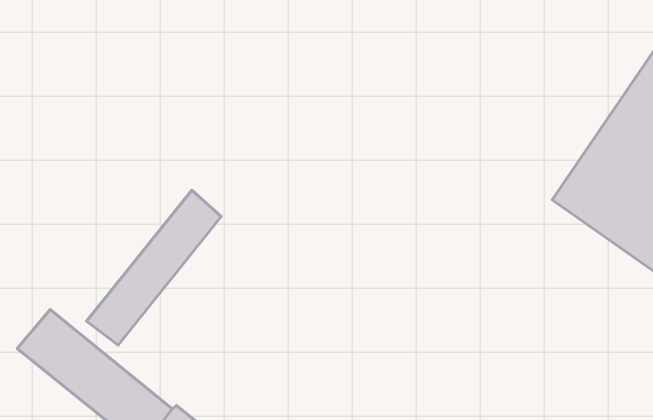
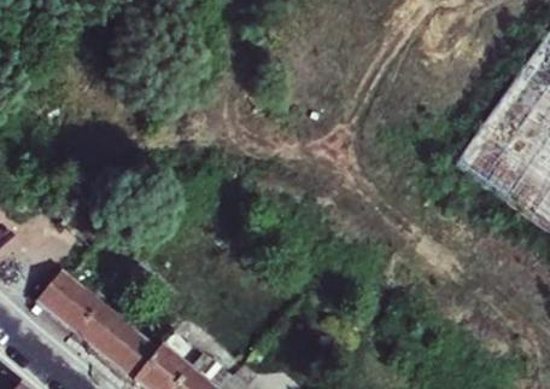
building: [86,190,221,345] -> none

